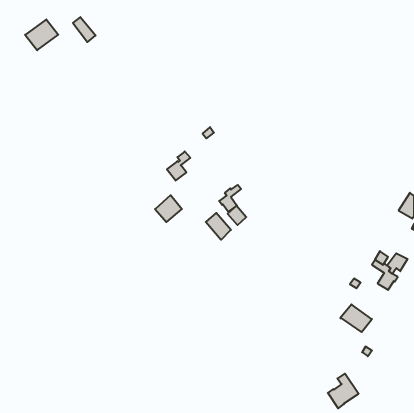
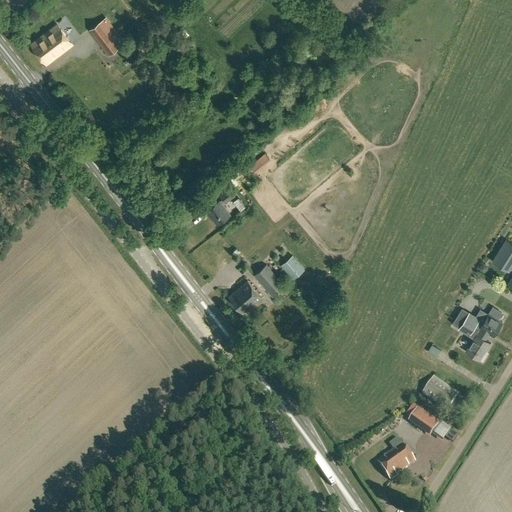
building: [219,185,241,212] -> none
building: [155,195,182,222] -> [229,279,262,312]
building: none -> [408,407,439,436]
building: [328,374,359,408] -> [377,436,415,479]

